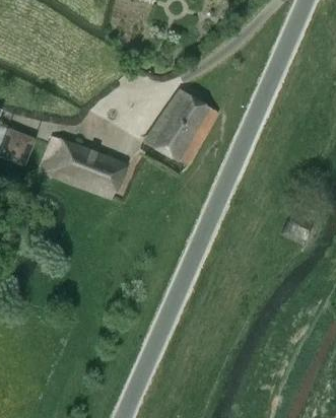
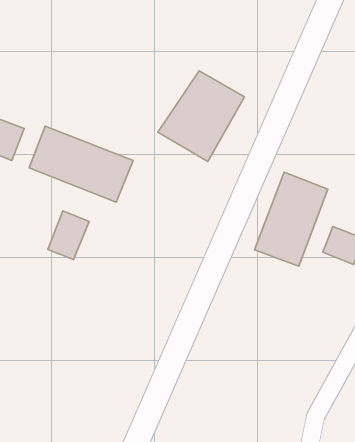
building: none -> [254,172,328,266]
building: none -> [48,211,89,259]

